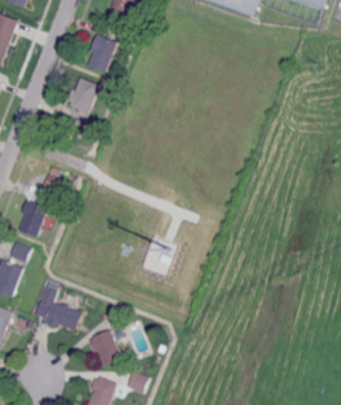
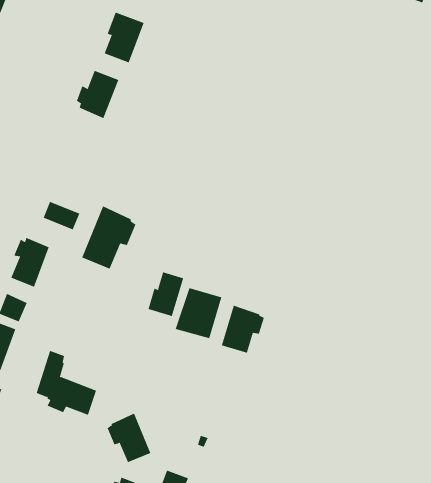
building: none -> [81,206,136,270]
building: none -> [148,272,184,317]
building: none -> [221,305,264,353]

